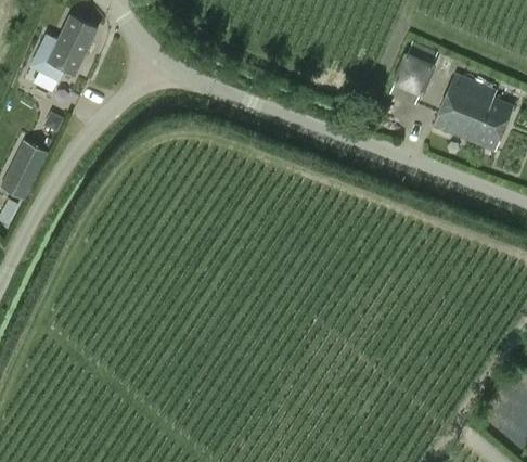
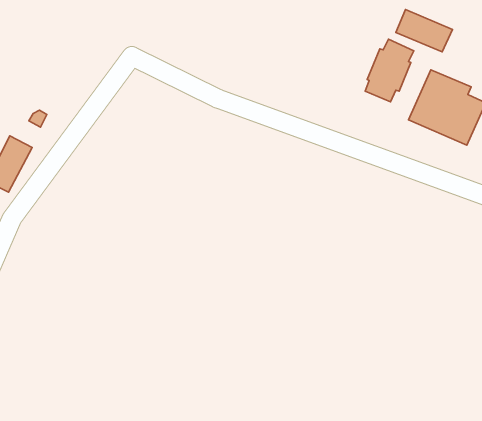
building: none -> [396,9,452,52]
building: [31,15,99,80] -> none

